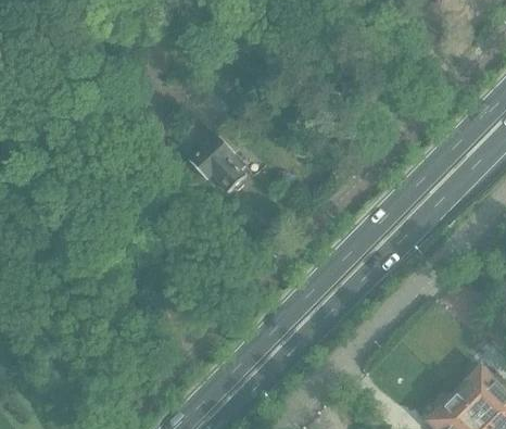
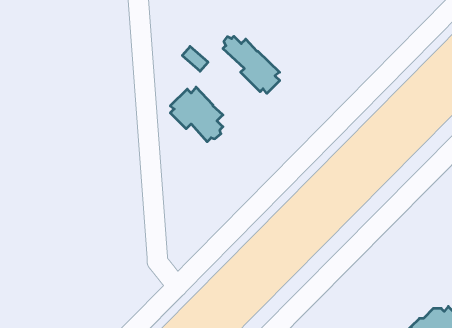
building: none -> [223,36,280,93]

